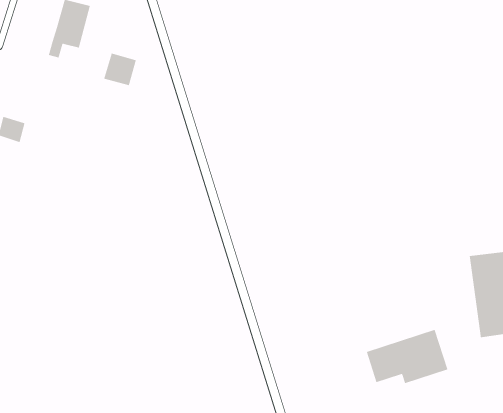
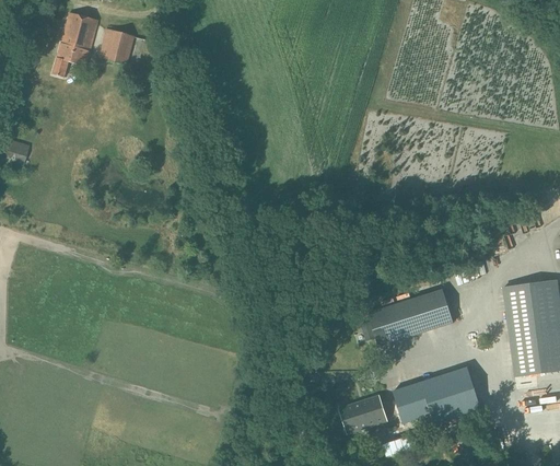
building: [103,53,137,86] -> [98,27,135,63]
building: none -> [361,288,454,346]
building: none -> [339,395,386,433]

